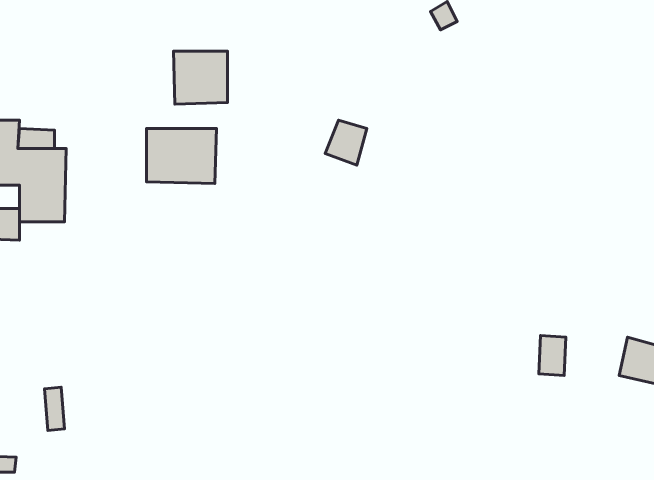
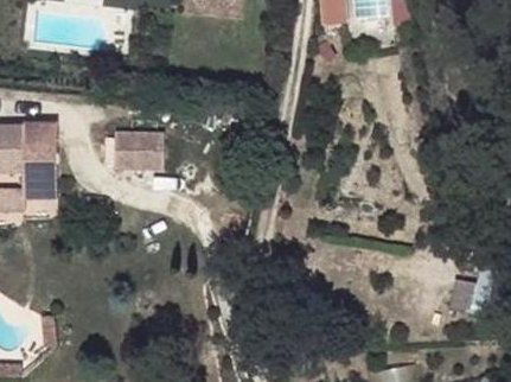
building: [174,51,227,104] -> none

